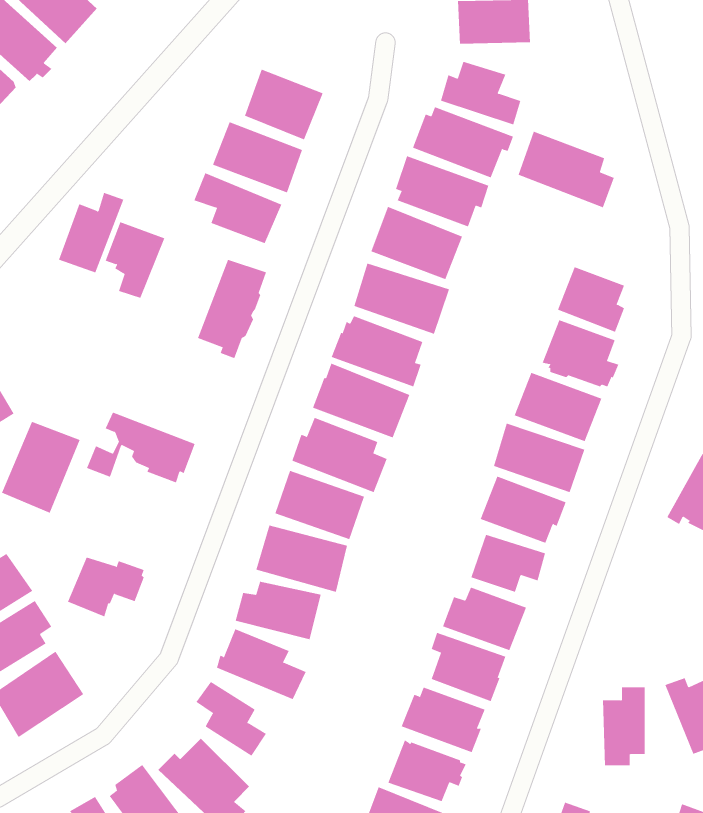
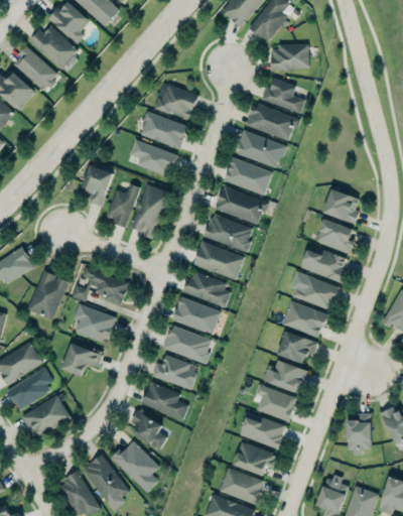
building: [518,131,615,208] -> none
building: [58,192,124,273] -> [105,183,140,227]
building: none -> [72,304,116,341]

